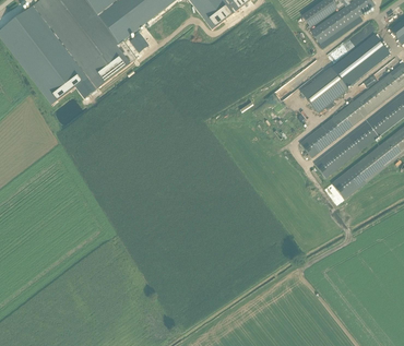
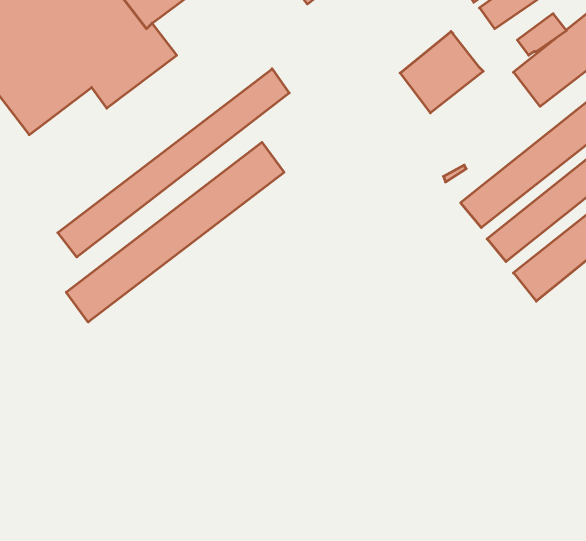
building: none -> [58,69,289,257]
building: [300,65,348,112] -> [400,31,483,113]
building: none -> [66,142,284,322]

